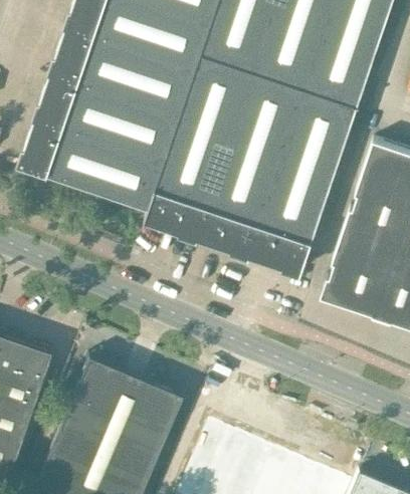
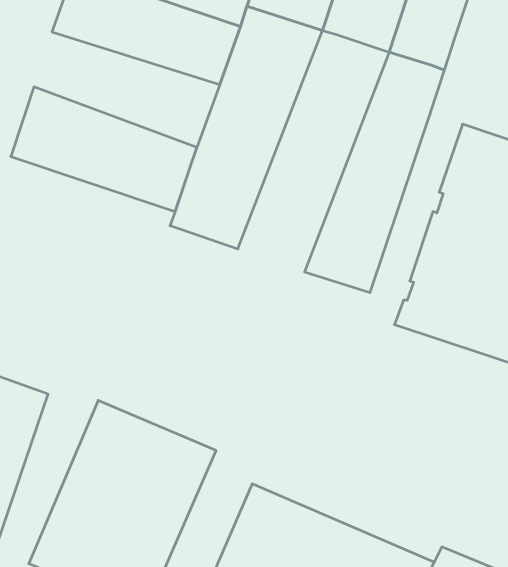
building: [197,69,316,258] -> none
building: [37,70,183,161] -> none

